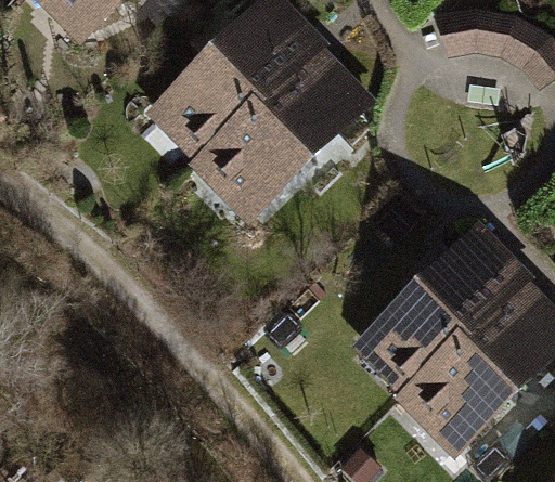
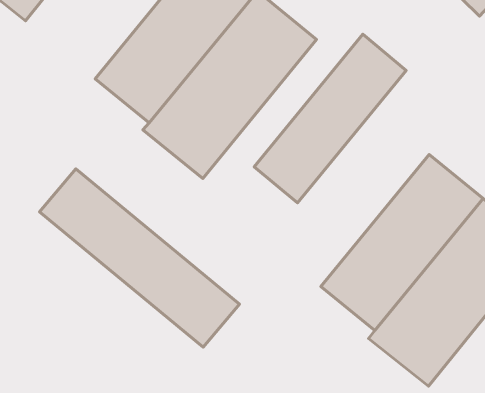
building: none -> [254,34,406,203]
building: none -> [40,169,239,347]

